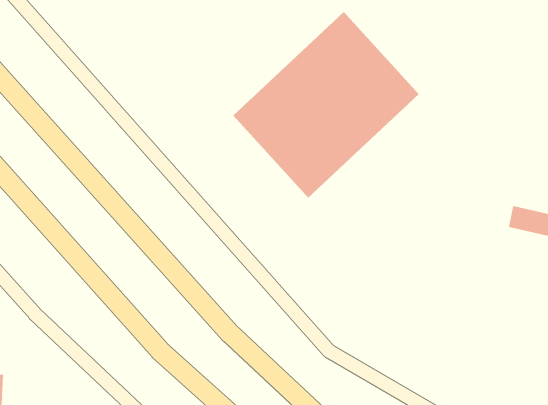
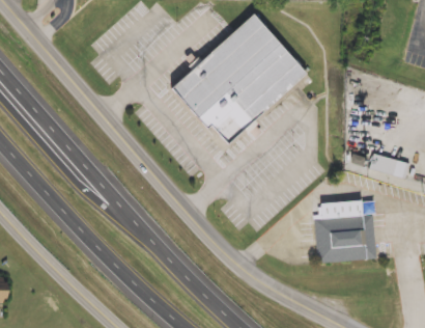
building: none -> [317,200,377,263]

